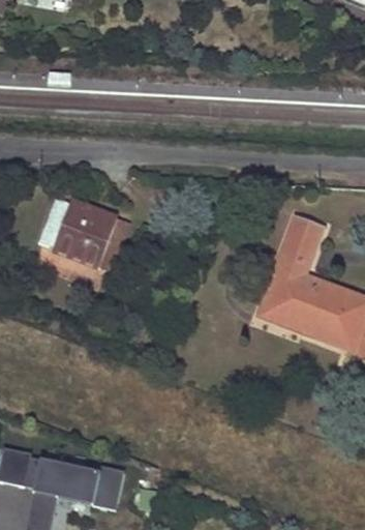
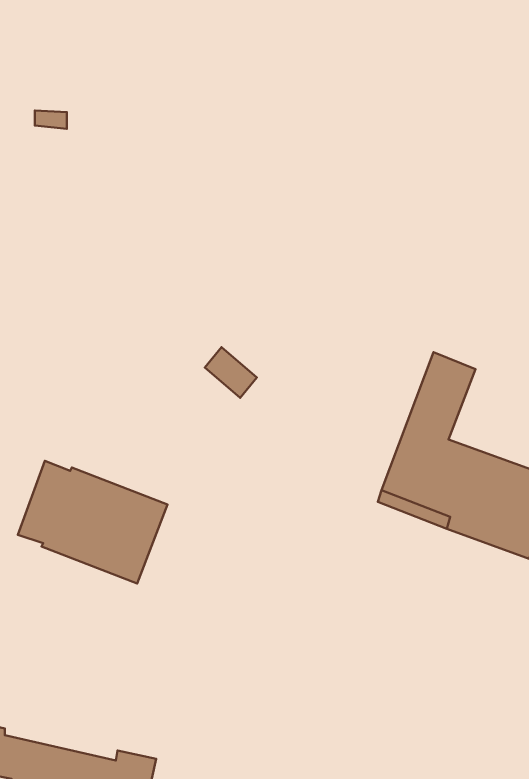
building: [38,196,130,271] -> [18,461,168,584]

